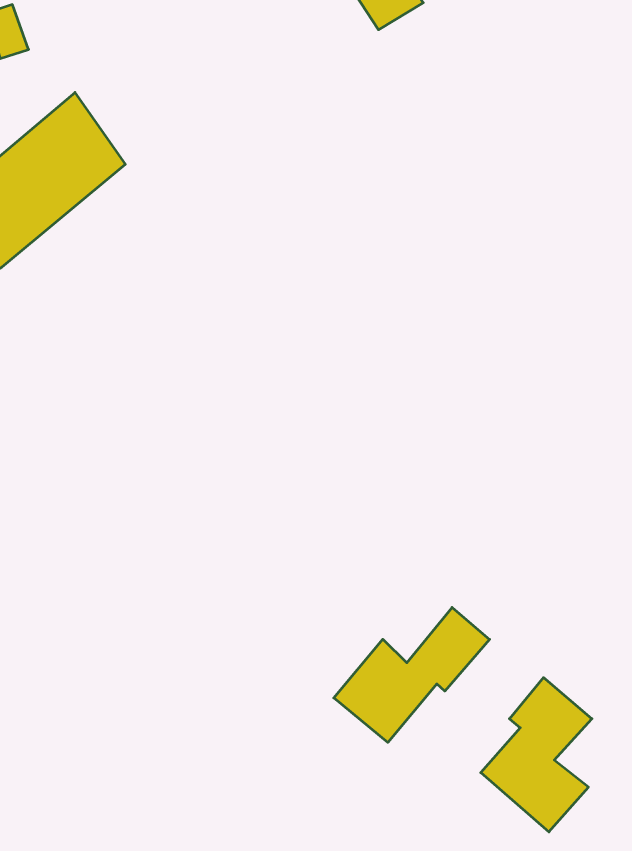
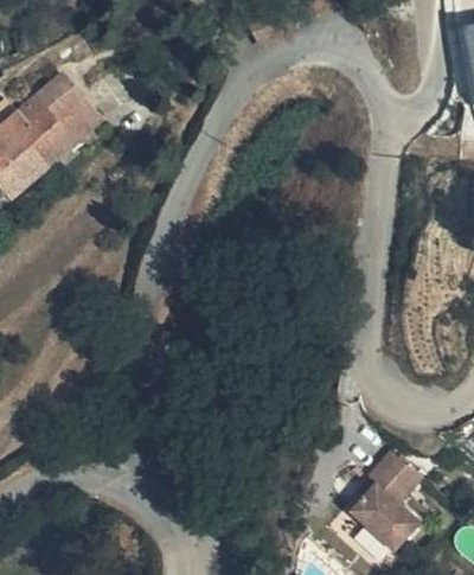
building: [334,607,490,742] -> none

